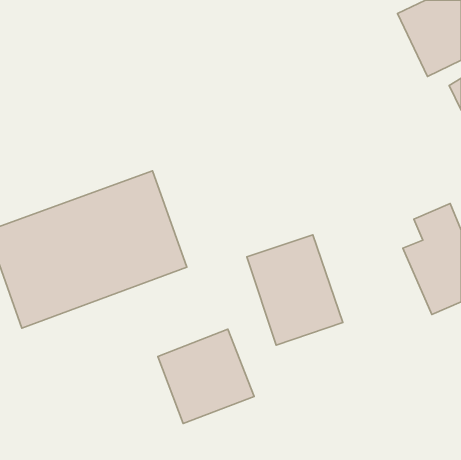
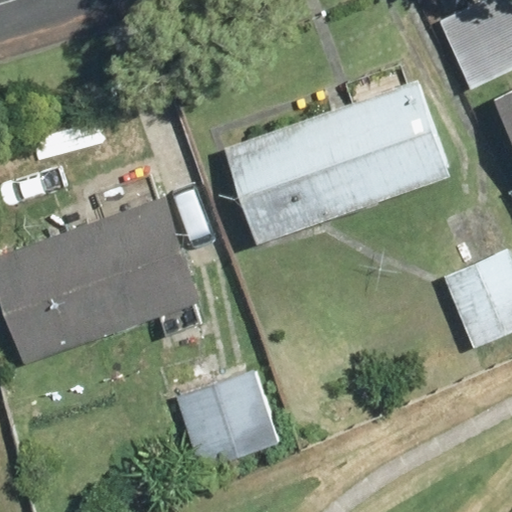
building: none -> [225,82,451,242]
building: [247,235,343,345] -> none

